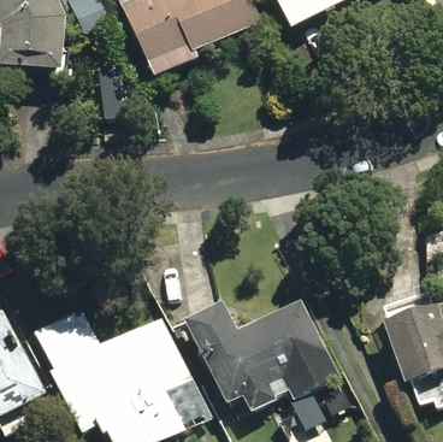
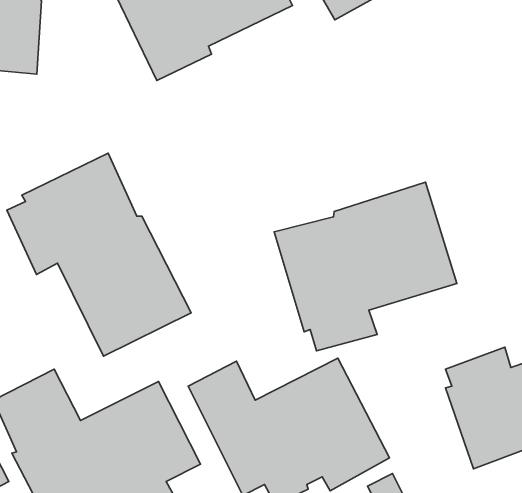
building: none -> [7,153,191,356]
building: none -> [274,182,457,351]

